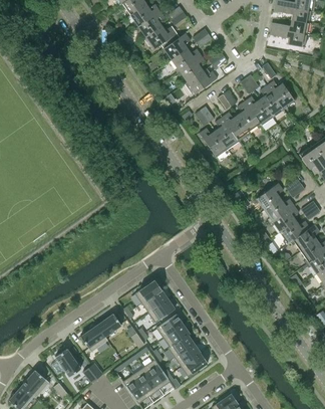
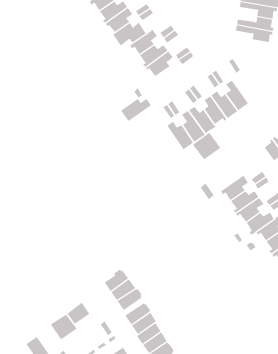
building: [185,71,217,95] -> [120,98,152,122]
building: [266,80,293,110] -> none
building: none -> [192,132,221,160]

